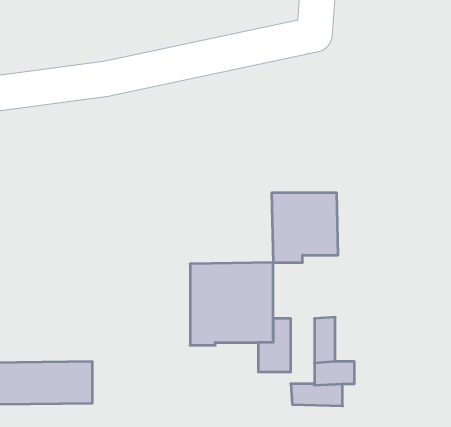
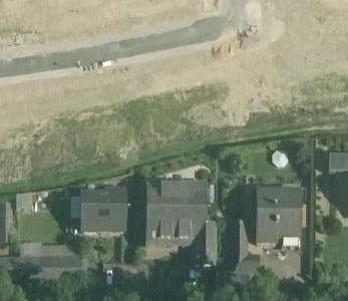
building: [272,193,338,262] -> [255,190,300,237]
building: none -> [82,186,123,224]

